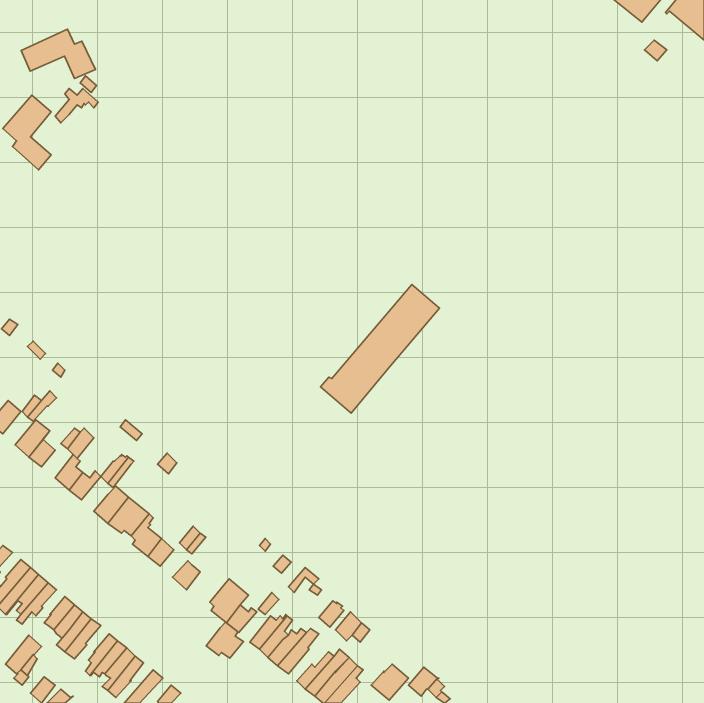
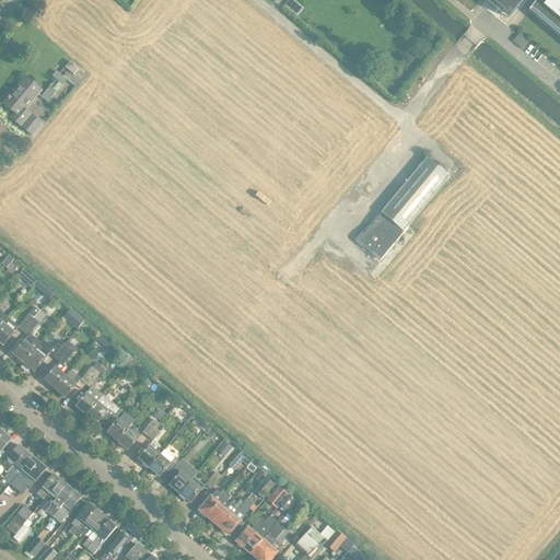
building: [21,29,95,79] -> none
building: [321,285,439,413] -> [353,158,447,259]
building: [206,622,244,658] -> [148,448,177,477]

